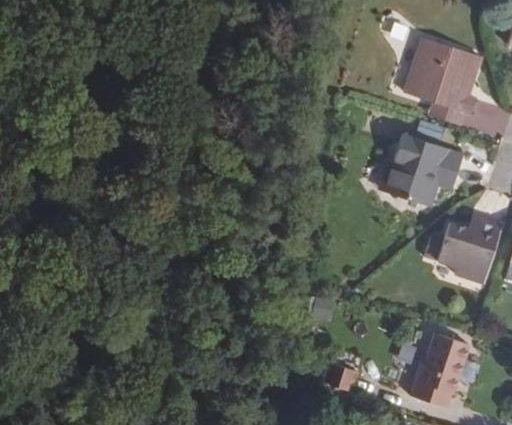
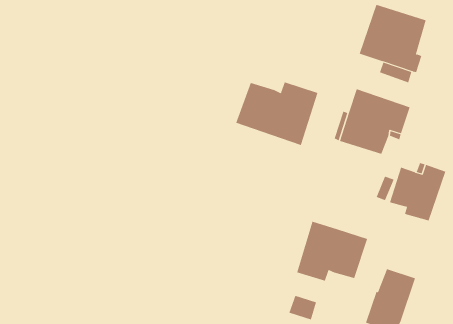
building: none -> [236,81,318,146]
building: none -> [297,221,368,282]

